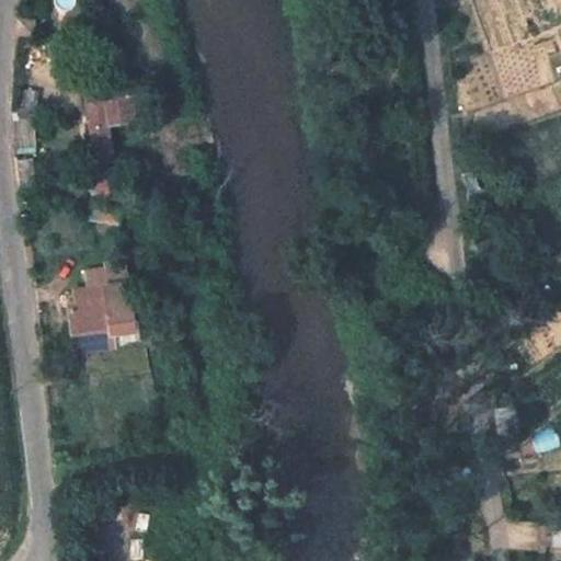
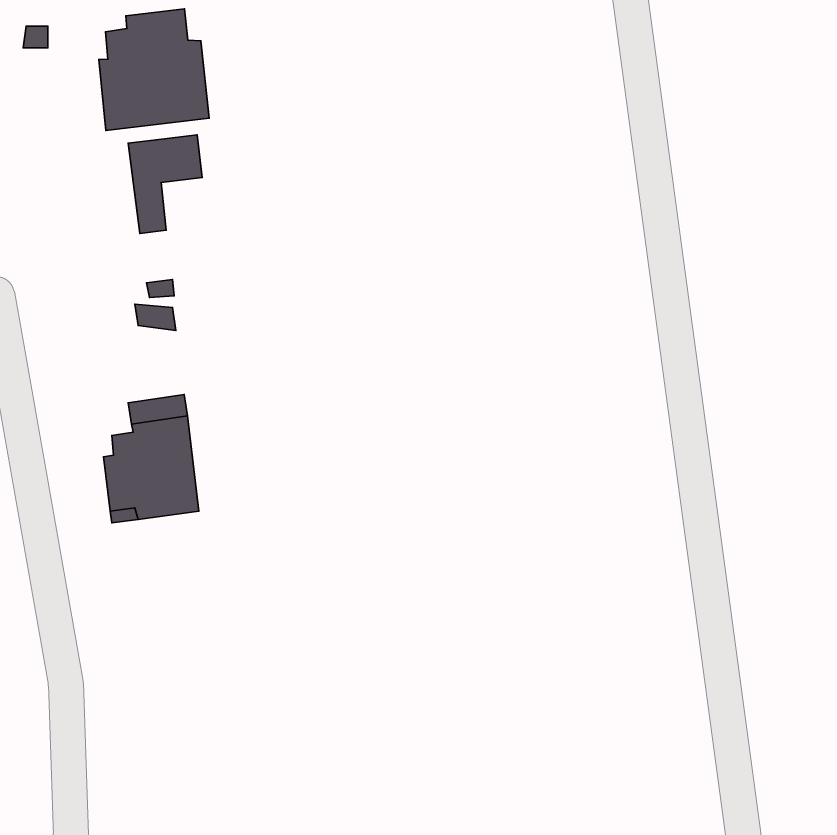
building: none -> [99,9,209,131]

